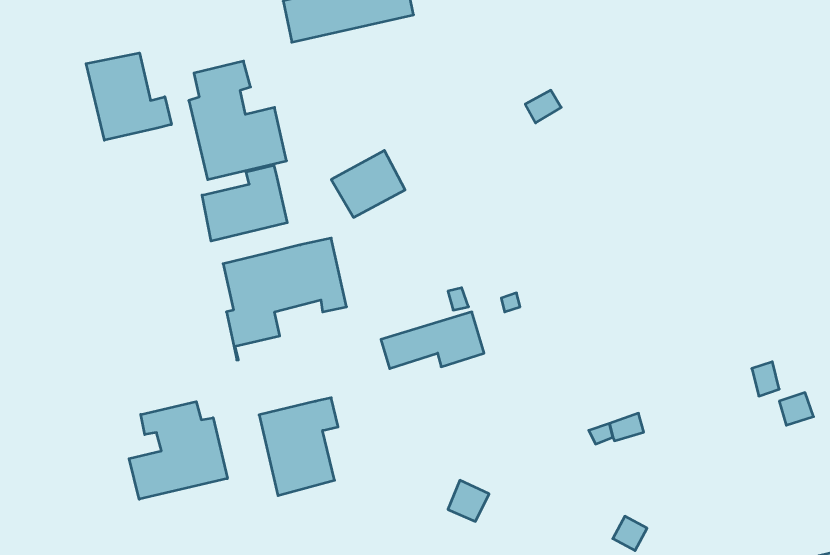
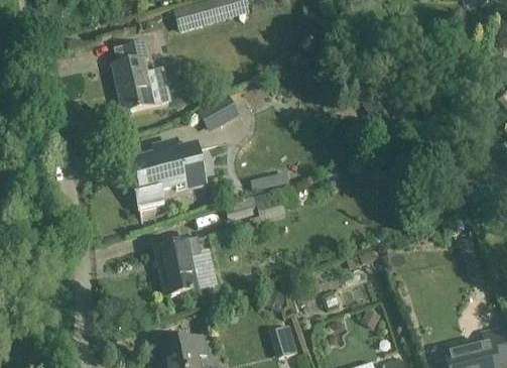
building: [86,53,171,140] -> none
building: [202,165,287,241] -> none
building: [129,402,227,499] -> none

